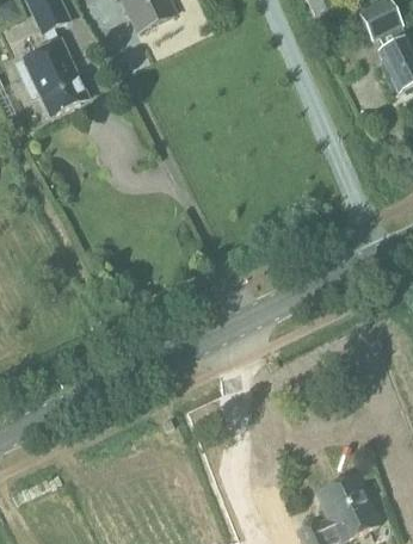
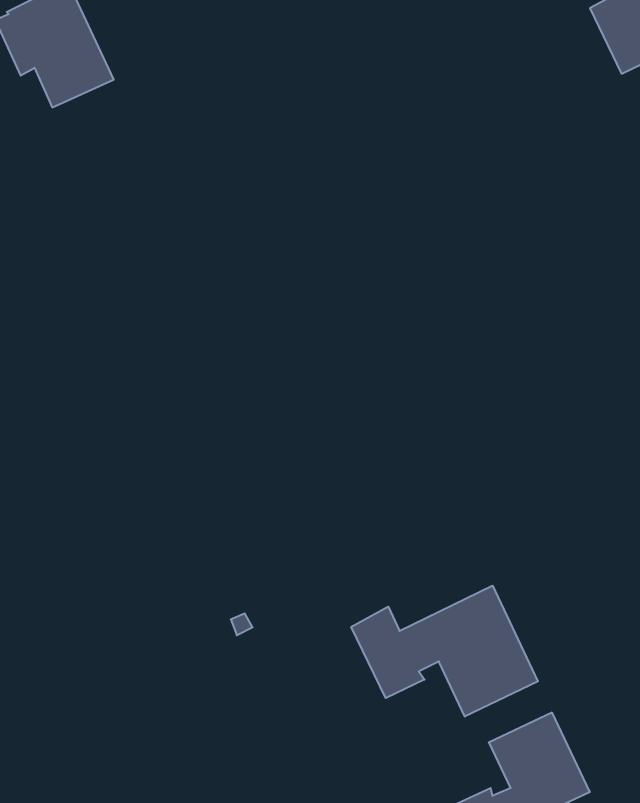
building: none -> [351,586,538,717]

